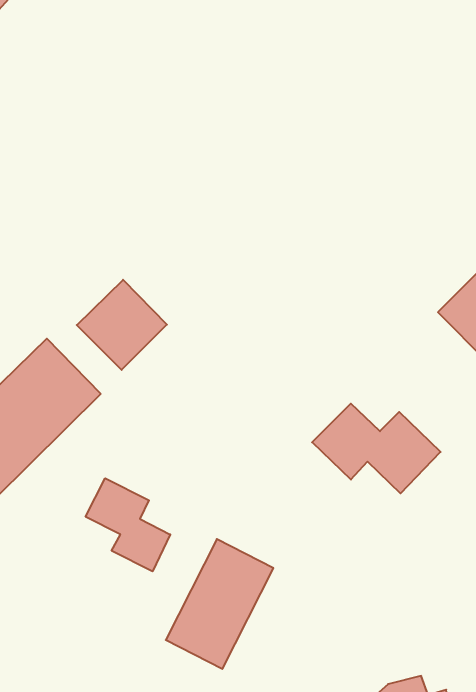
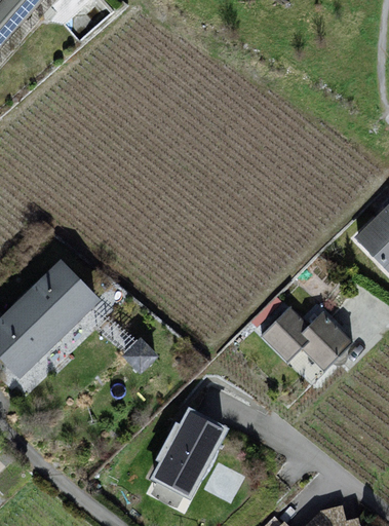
building: [77,280,167,370] -> none
building: [86,478,170,571] -> none

